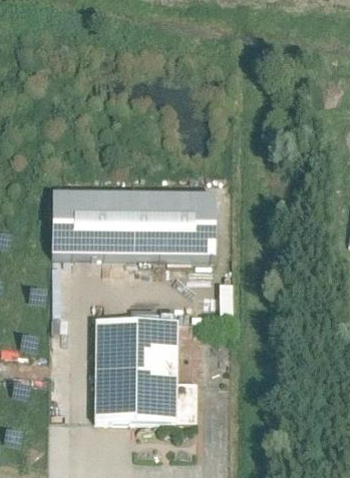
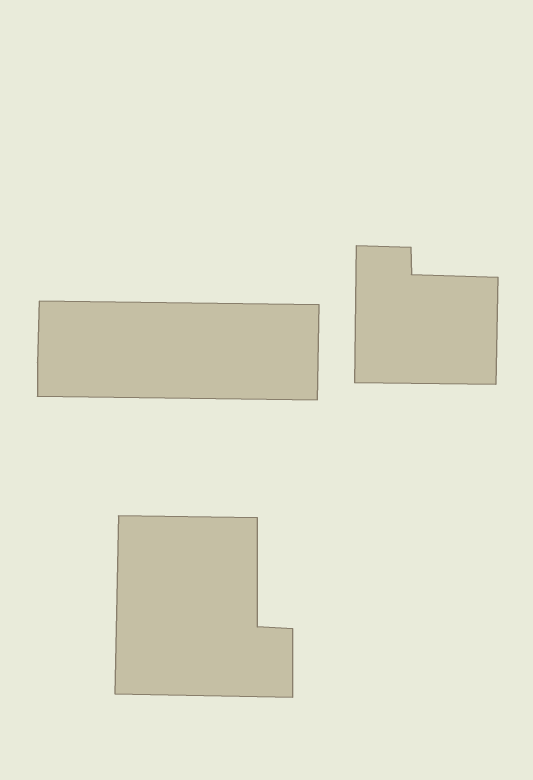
building: none -> [355,246,498,384]

